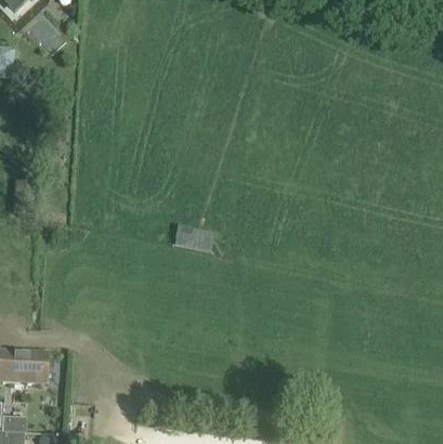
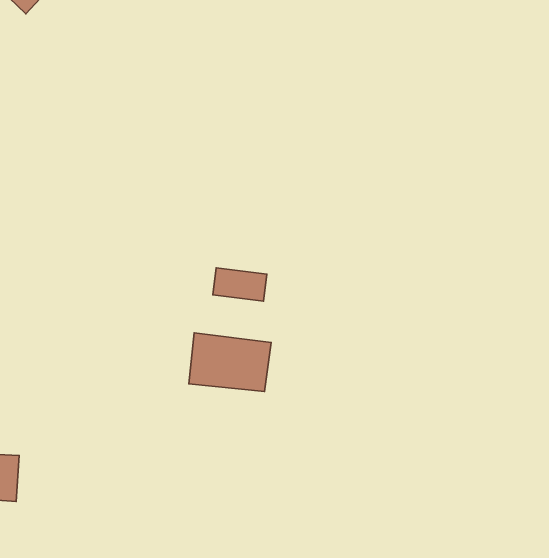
building: none -> [189,333,271,391]

